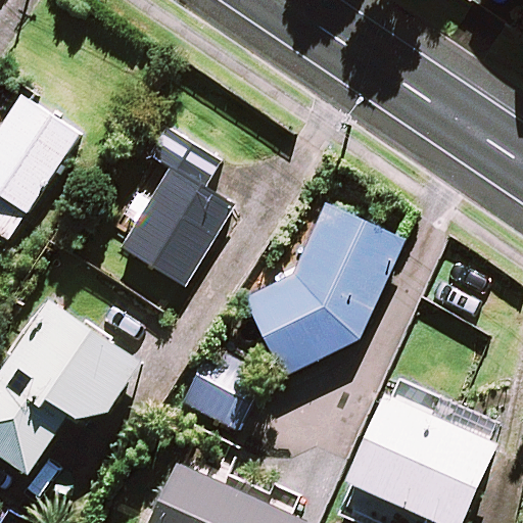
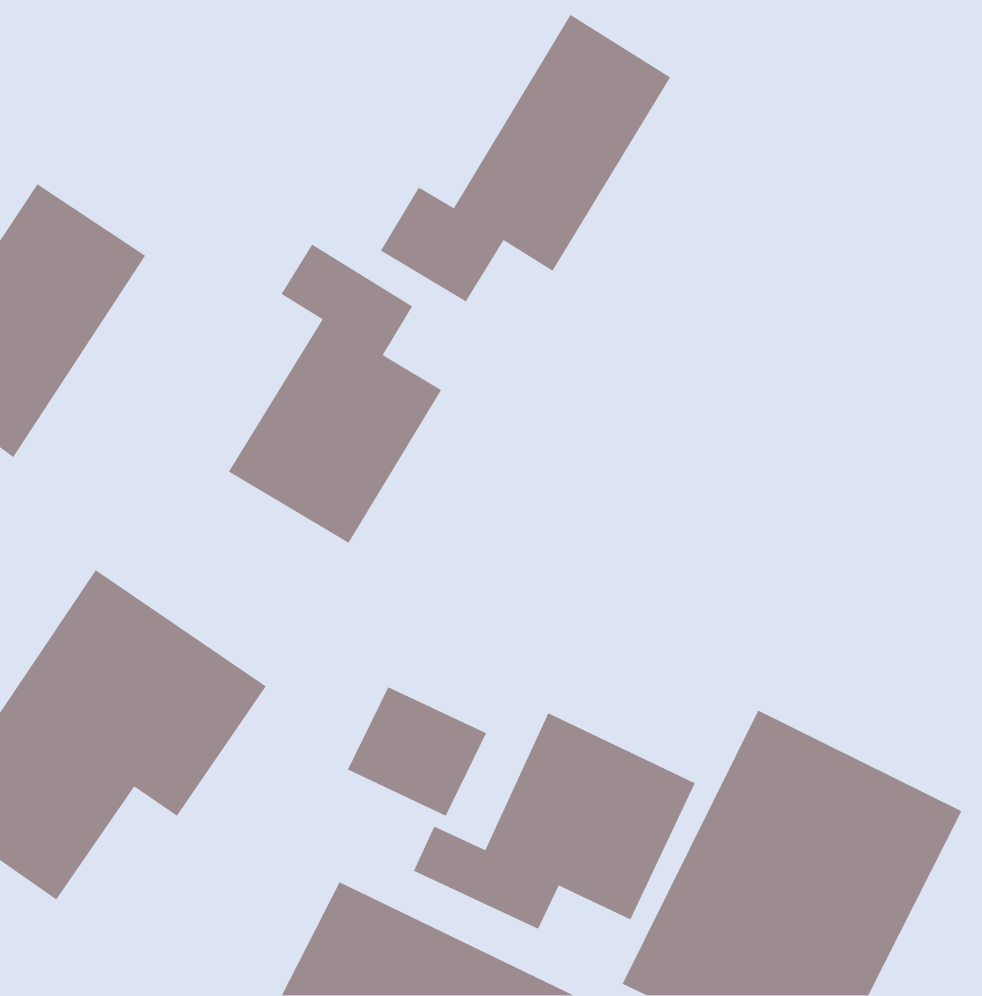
building: none -> [380,14,671,303]
building: [243,206,411,372] -> none
building: none -> [413,712,696,930]

